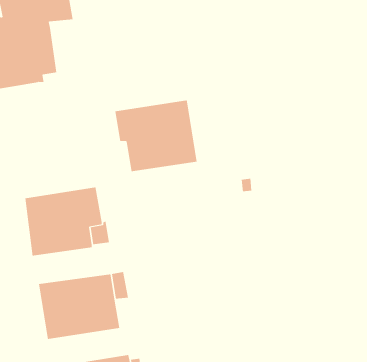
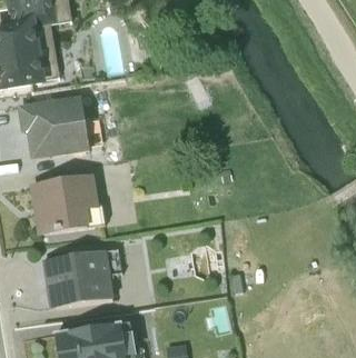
building: [114,100,198,172] -> [14,92,88,156]

